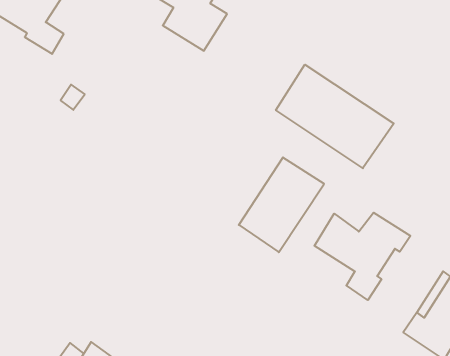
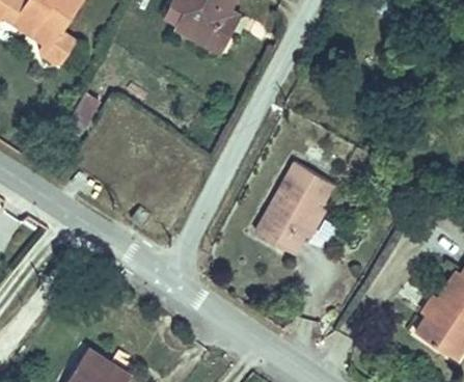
building: [276,65,394,168] -> none
building: [314,213,410,300] -> none

